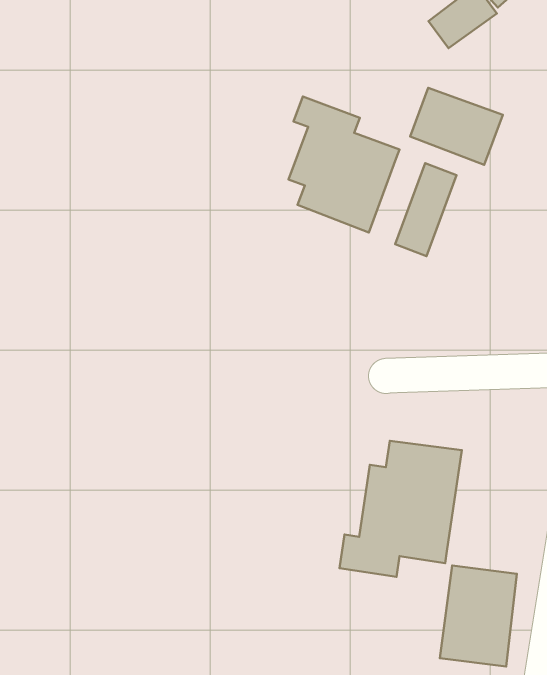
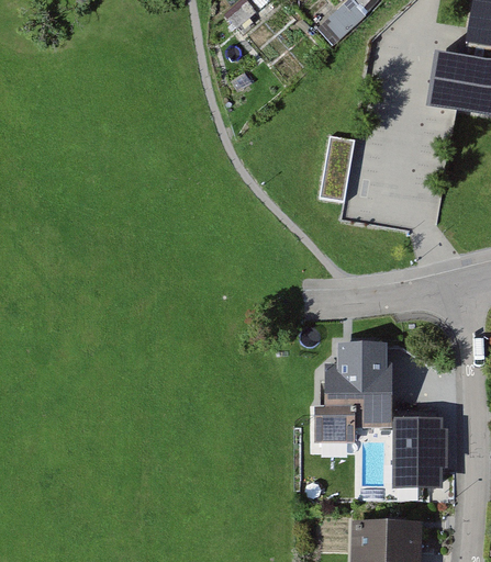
building: [410,88,503,165] -> none
building: [289,97,399,232] -> none

